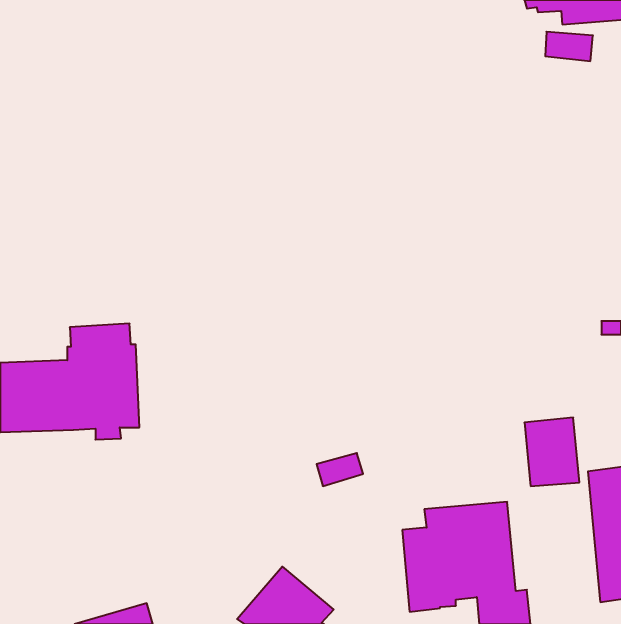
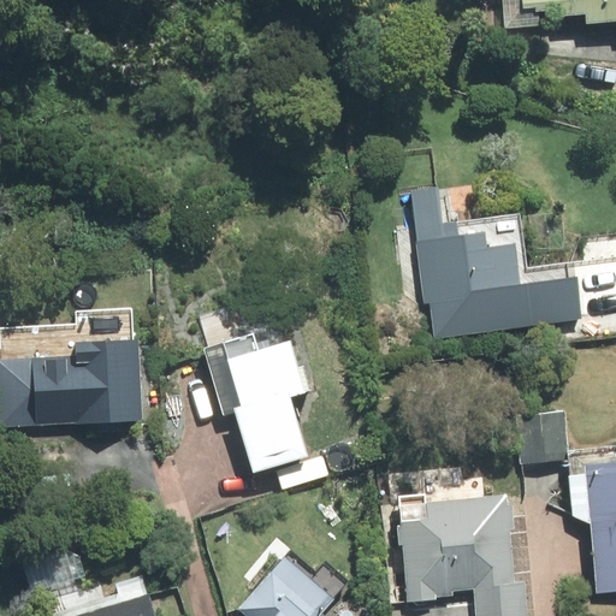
building: none -> [413,202,580,333]
building: none -> [205,333,310,473]

